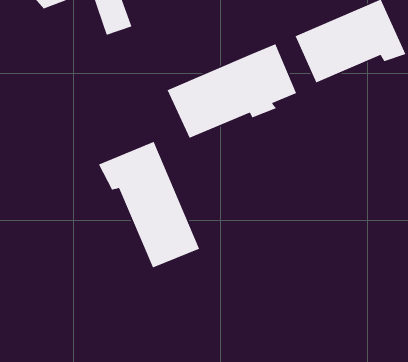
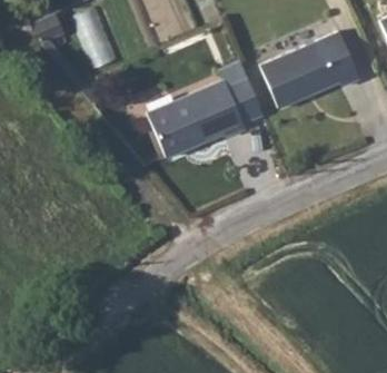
building: [98,141,200,268] -> none

